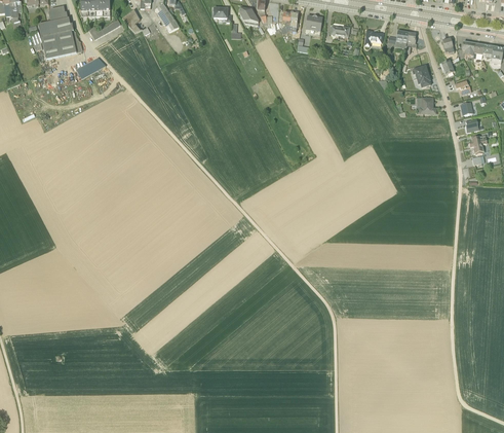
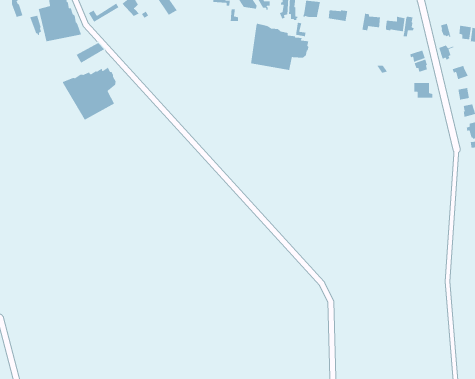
building: none -> [250,23,310,71]
building: none -> [62,67,116,121]

